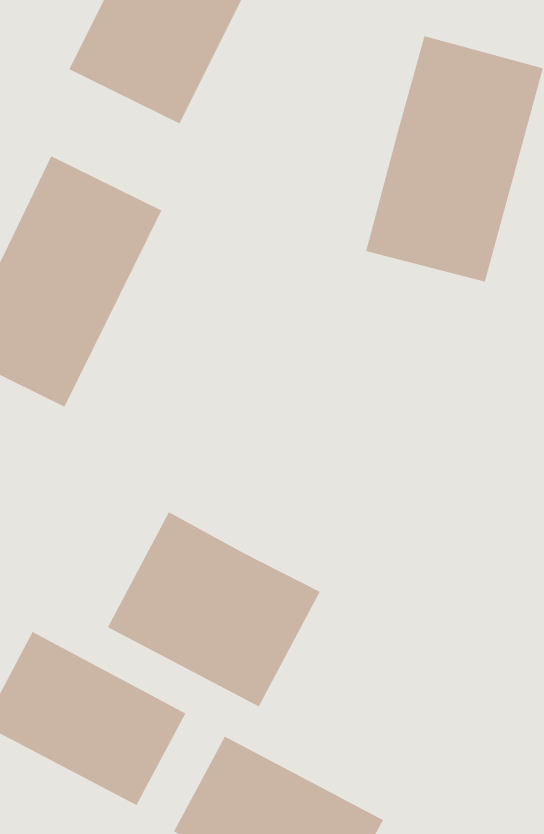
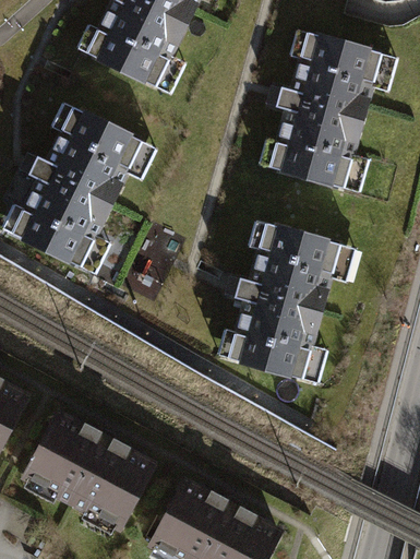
building: none -> [219,218,358,381]
building: [107,511,321,708] -> none

